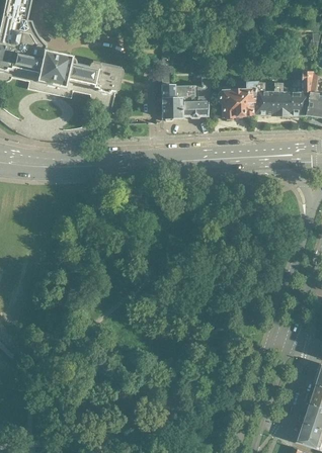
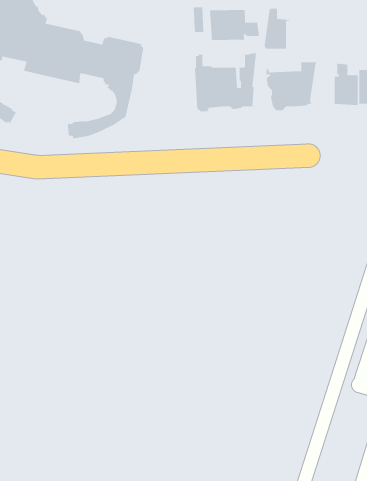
building: none -> [209,9,259,41]
building: [252,82,273,114] -> [264,8,291,49]

